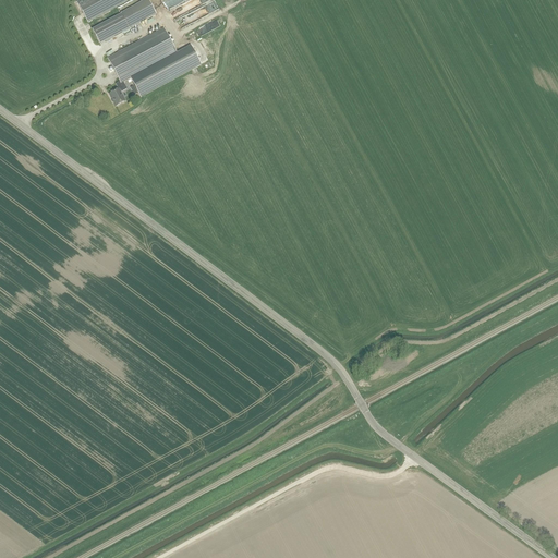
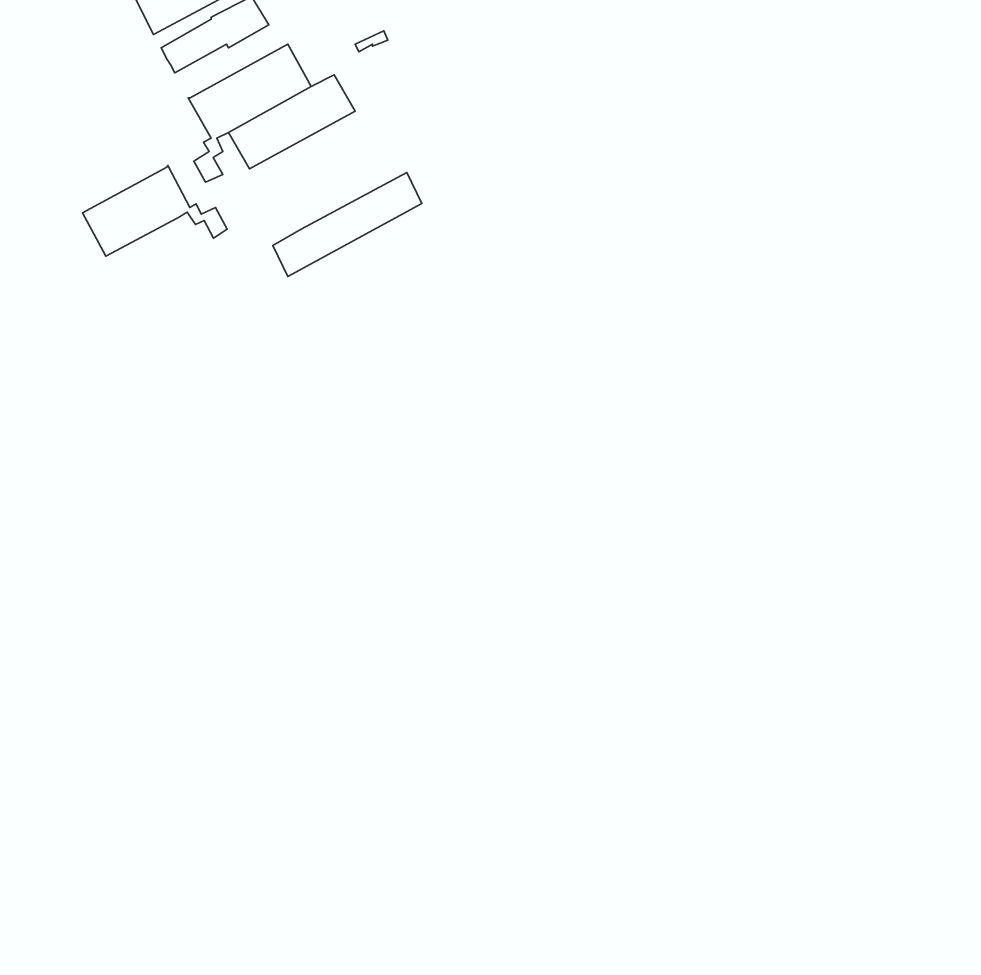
building: none -> [82,166,227,256]
building: none -> [273,173,422,276]

